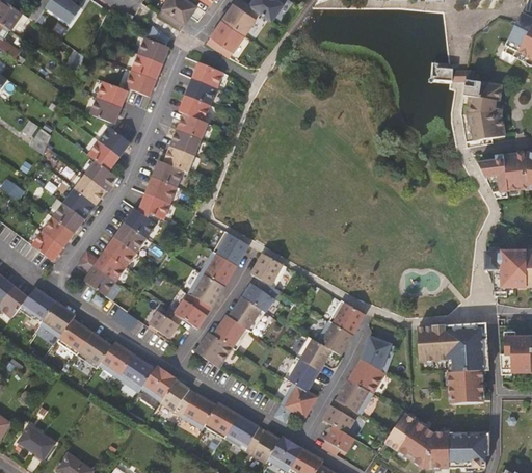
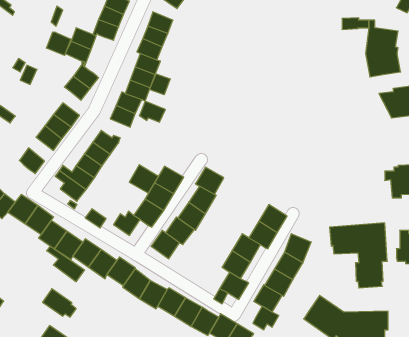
building: none -> [47,32,71,55]
building: none -> [150,74,170,95]
building: [85,160,116,189] -> none
building: [137,193,169,219] -> [139,101,165,122]
building: [43,216,74,246] -> none
building: [212,231,248,266] -> [129,165,158,193]
building: none -> [47,246,84,282]
building: [18,424,59,459] -> [43,289,76,317]

